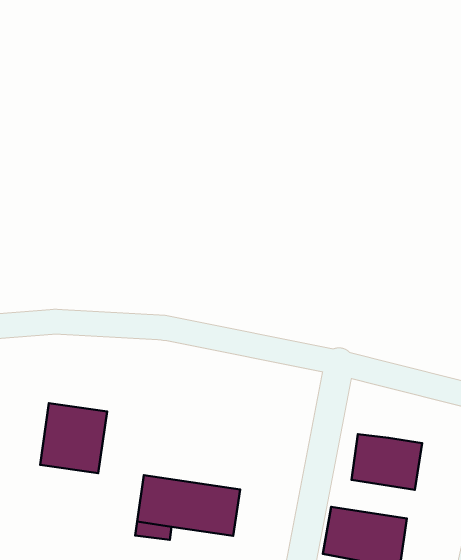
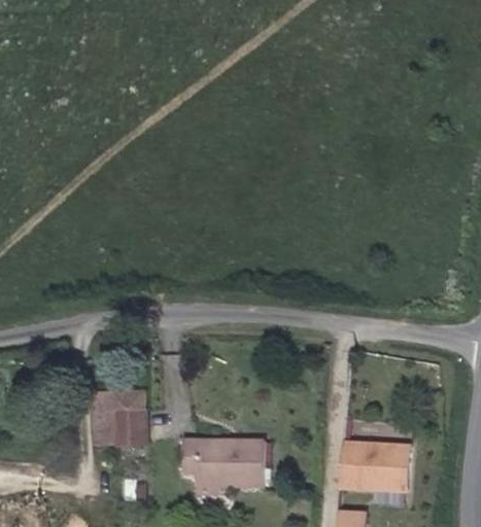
building: [351,434,422,490] -> none

